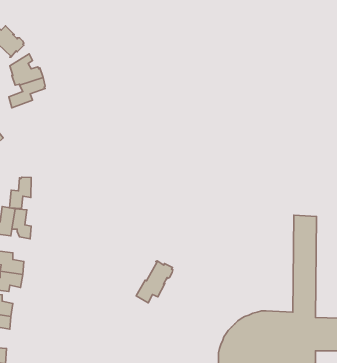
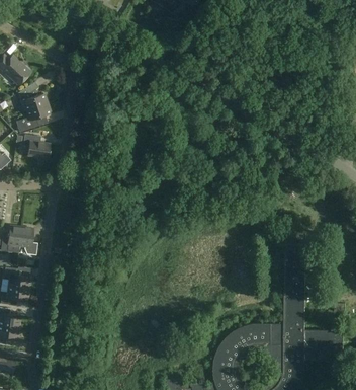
building: none -> [22,134,49,157]
building: [9,177,31,208] -> none
building: [136,261,173,303] -> none

